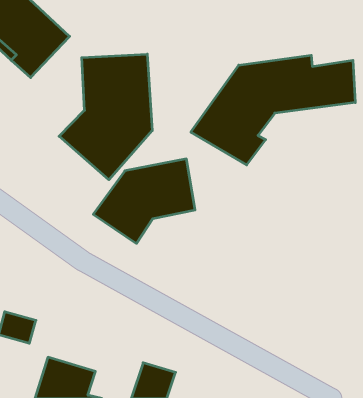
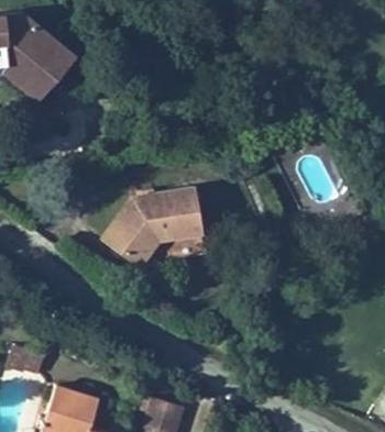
building: [59,54,152,180] -> none
building: [191,55,355,165] -> none

